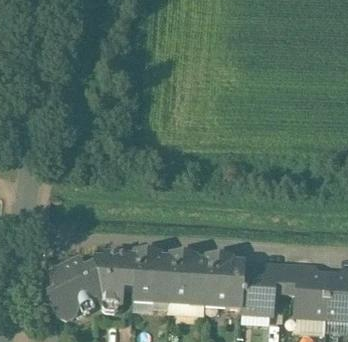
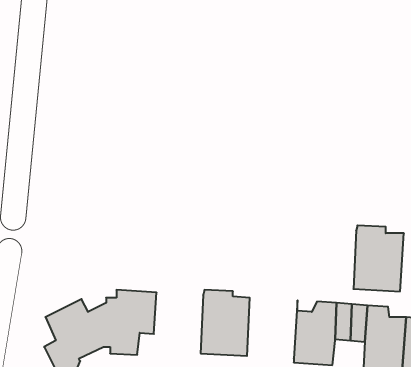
building: [133,254,171,305] -> none
building: [205,258,244,309] -> [353,225,404,291]

